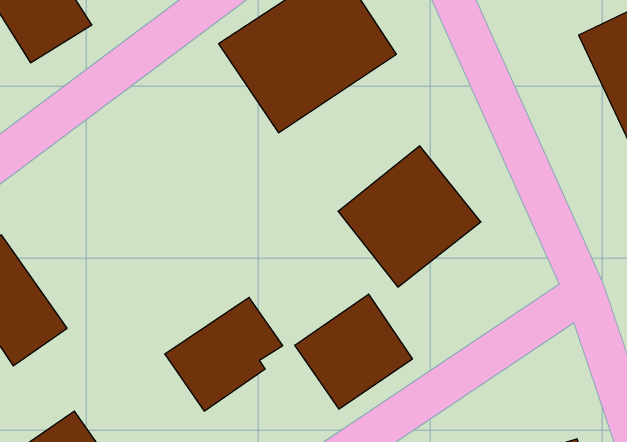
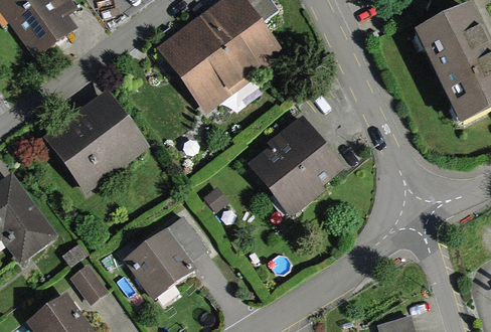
building: none -> [43,93,148,193]
building: [295,294,412,409] -> none
building: none -> [67,263,108,305]

